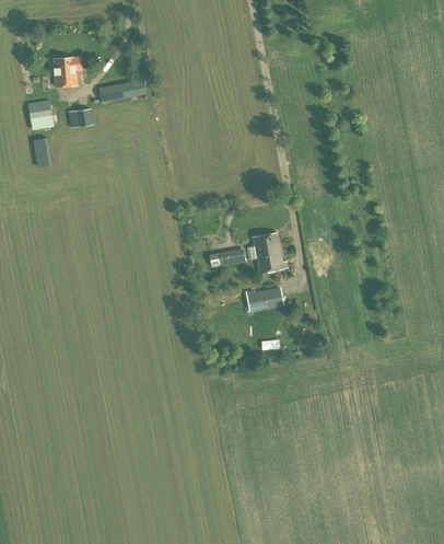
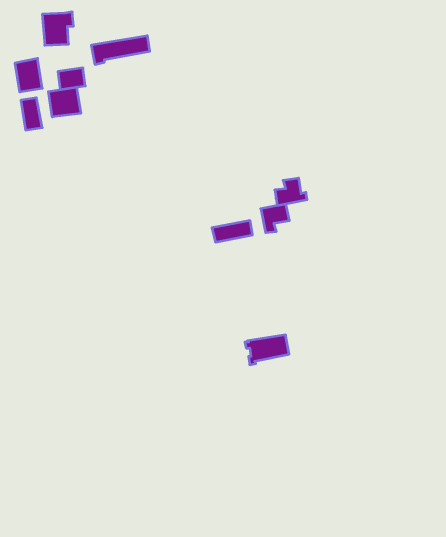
building: none -> [48,87,81,117]
building: [257,247,287,273] -> [275,178,307,205]
building: [243,287,283,314] -> [245,335,289,365]

